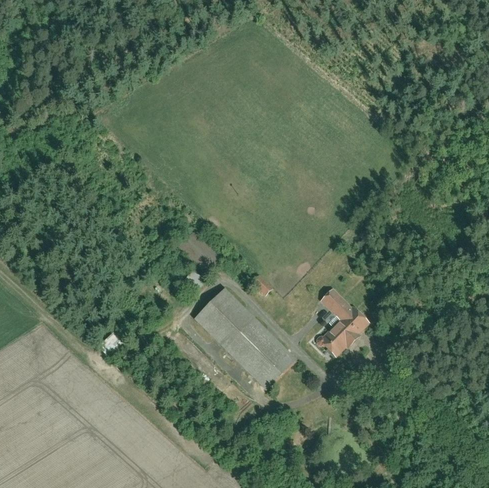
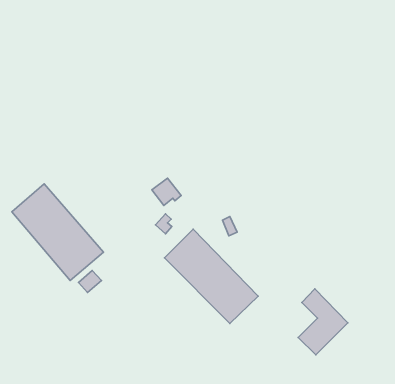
building: none -> [12,184,104,280]
building: [316,286,370,358] -> [298,289,348,355]

